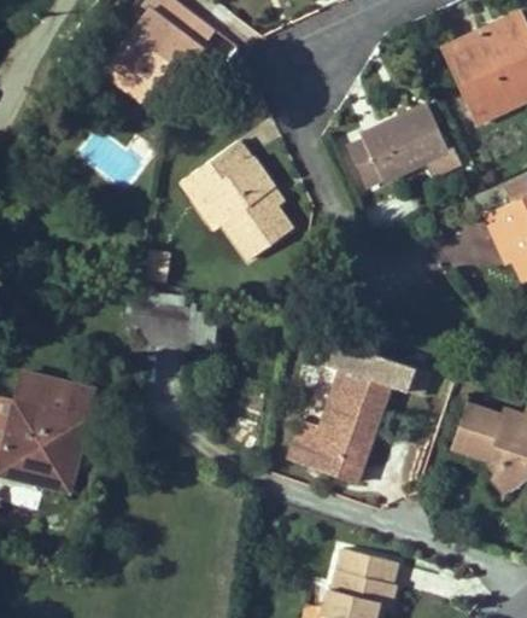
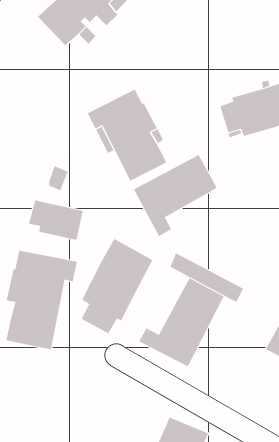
building: none -> [133,154,218,237]
building: none -> [81,238,153,334]
building: none -> [6,250,78,350]

